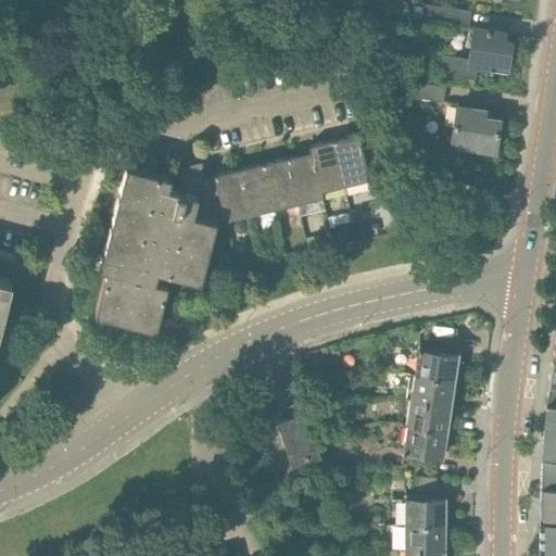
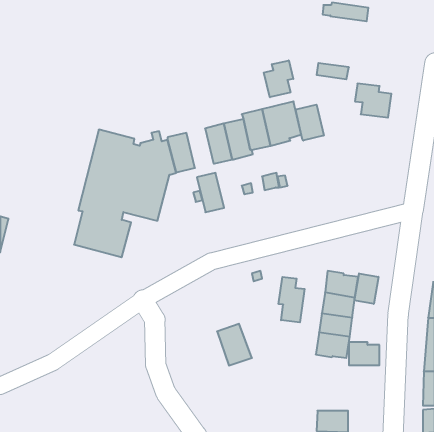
building: [441,33,513,83] -> none
building: none -> [264,60,293,97]
building: none -> [296,105,324,141]
building: [239,168,274,218] -> [197,173,224,212]
building: none -> [354,273,378,304]
building: none -> [279,277,305,322]
building: [406,498,445,528] -> [349,342,379,365]

